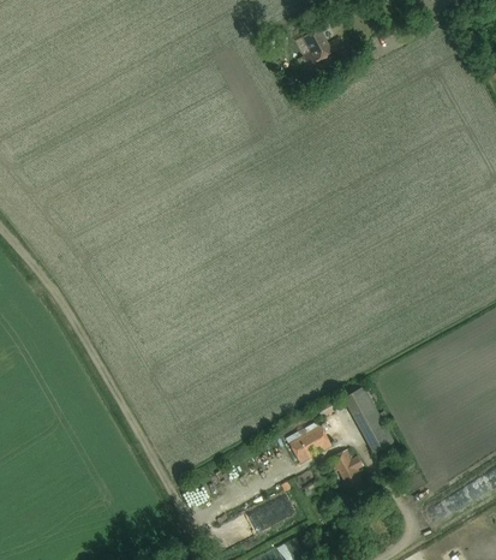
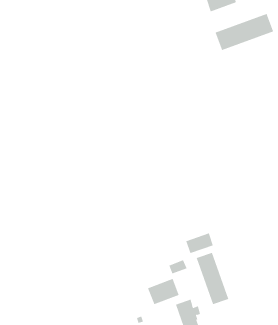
building: none -> [215,13,274,51]
building: none -> [186,233,214,254]

